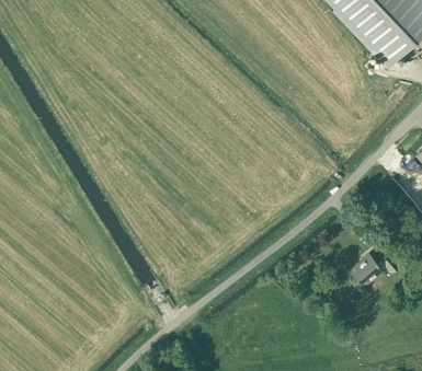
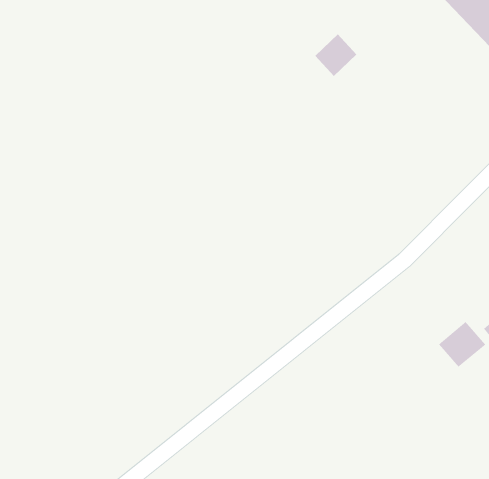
building: none -> [314,33,357,77]

